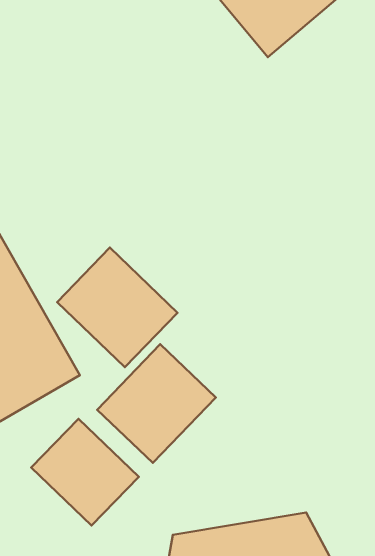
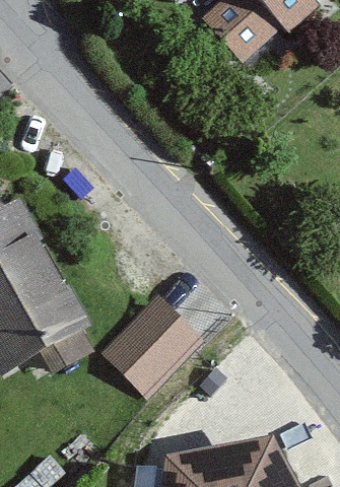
building: [57,248,177,367] -> none
building: [31,419,139,526] -> none

